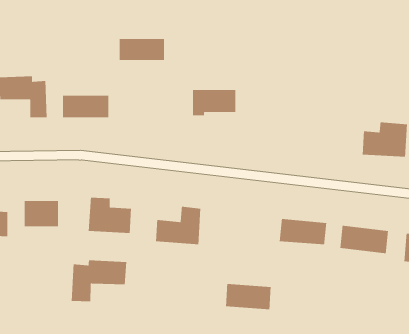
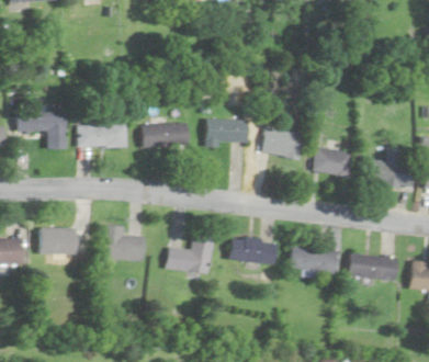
building: [119,38,165,61] -> [142,124,187,146]
building: none -> [261,128,303,159]
building: none -> [313,146,353,178]
building: [71,259,127,302] -> none
building: [225,283,271,310] -> [232,237,276,263]

